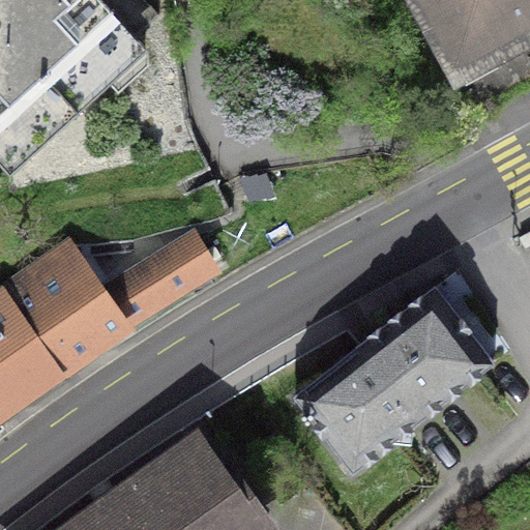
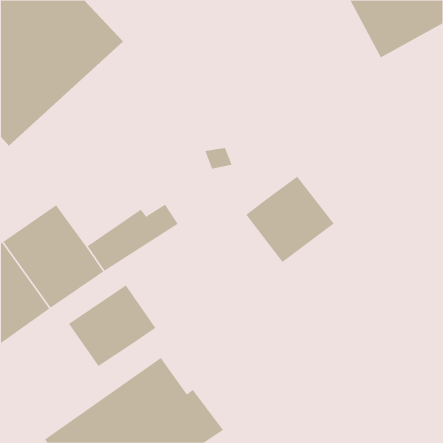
building: none -> [245,176,335,263]
building: [293,286,495,472] -> none
building: none -> [68,284,156,367]

